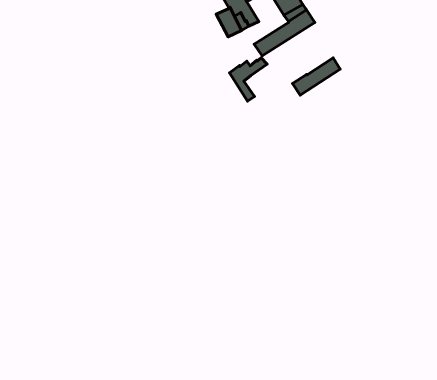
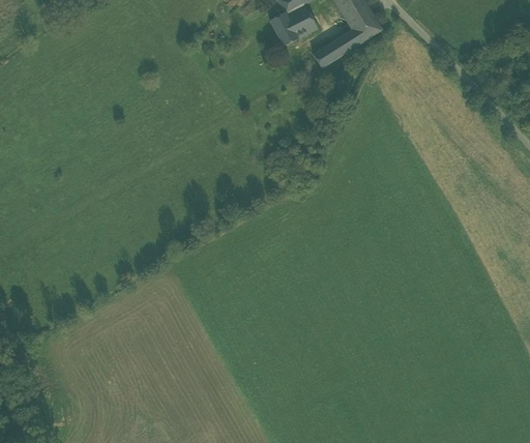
building: [293,58,340,95] -> none
building: [229,58,267,101] -> none

